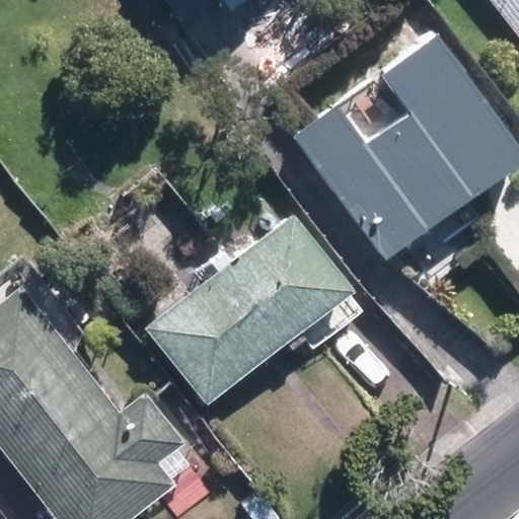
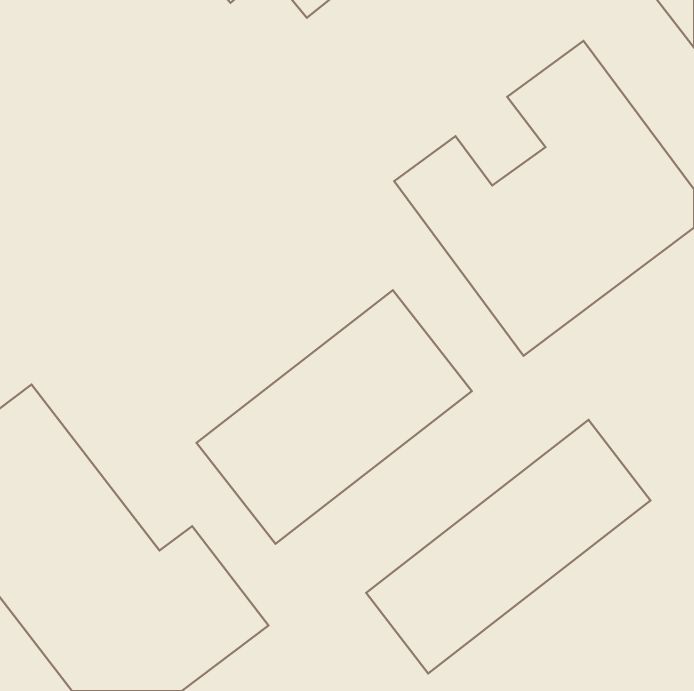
building: none -> [366,420,651,673]

